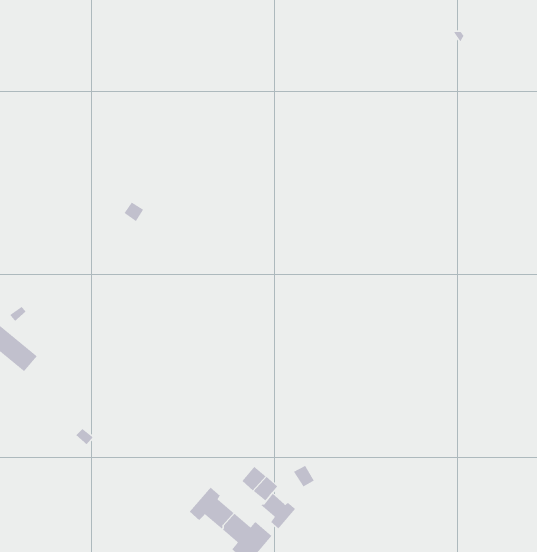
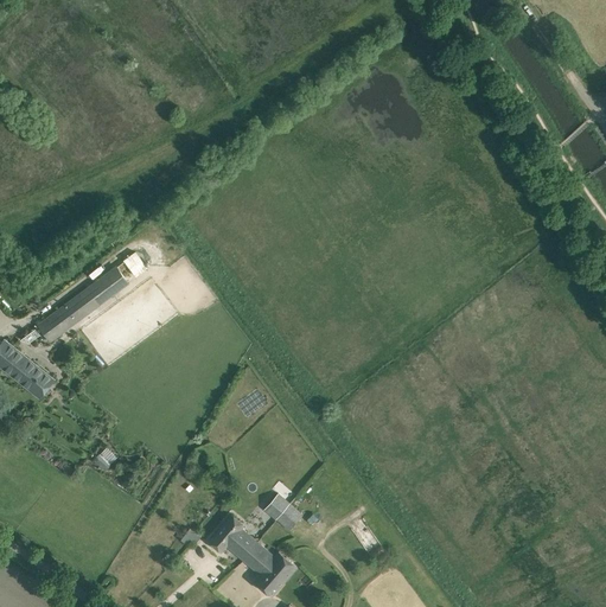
building: none -> [39,268,128,341]
building: [260,493,296,529] -> none

